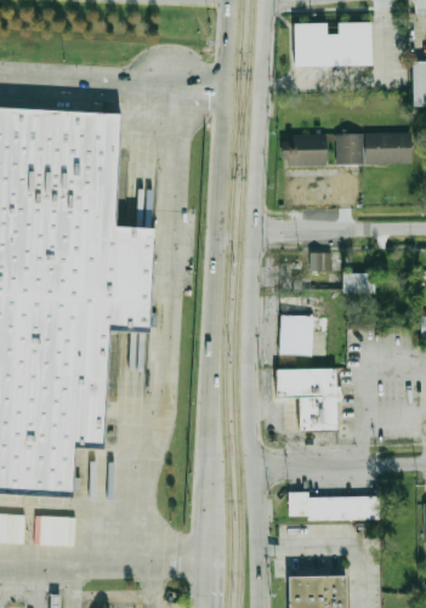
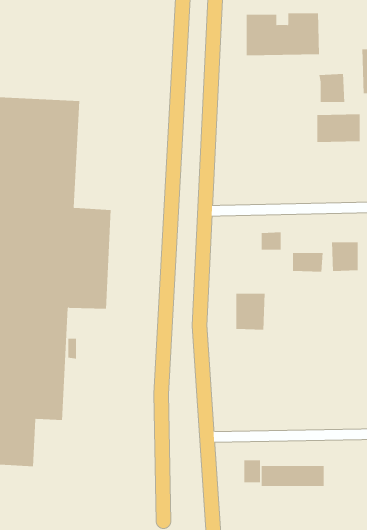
building: [337,127,365,158] -> [319,74,345,103]
building: [288,129,329,160] -> none
building: none -> [332,242,358,272]
building: [279,366,339,430] -> none

